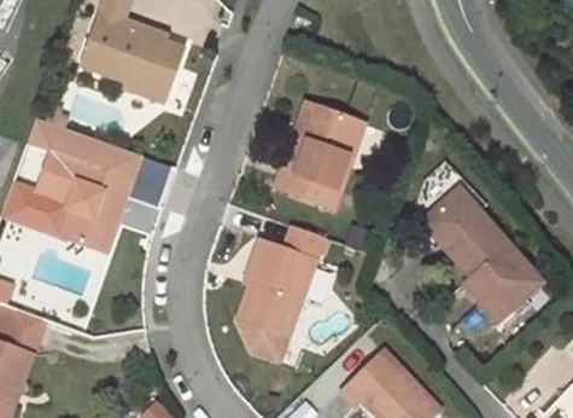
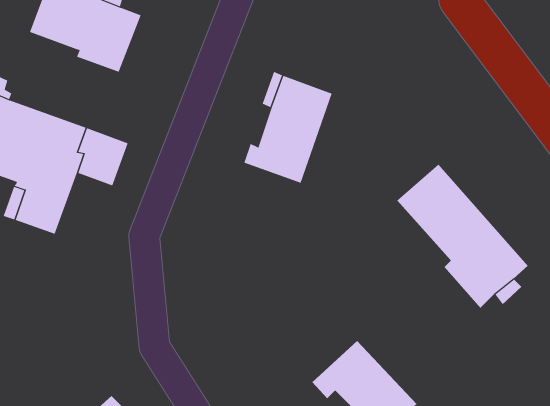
building: [239,226,322,362] -> none

